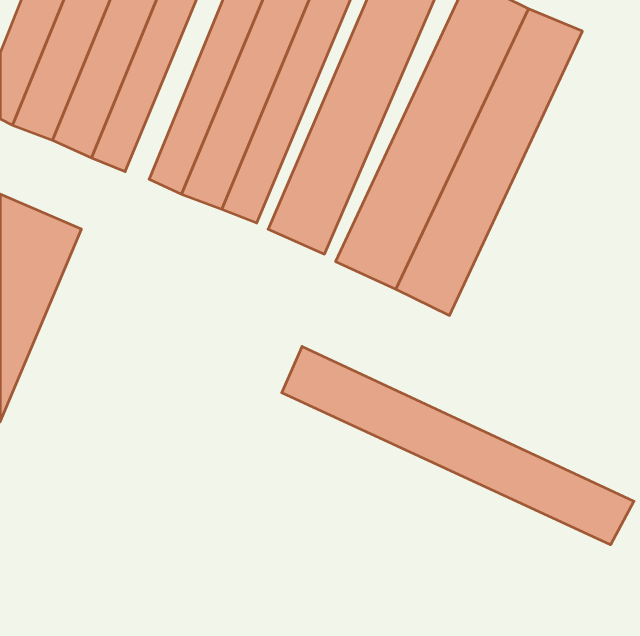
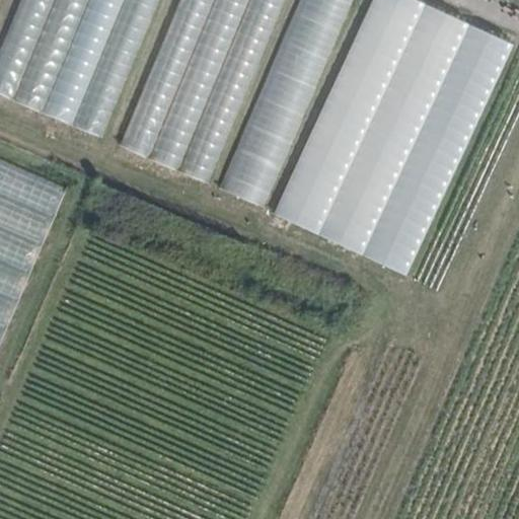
building: none -> [364,25,514,275]
building: [282,346,634,545] -> none

